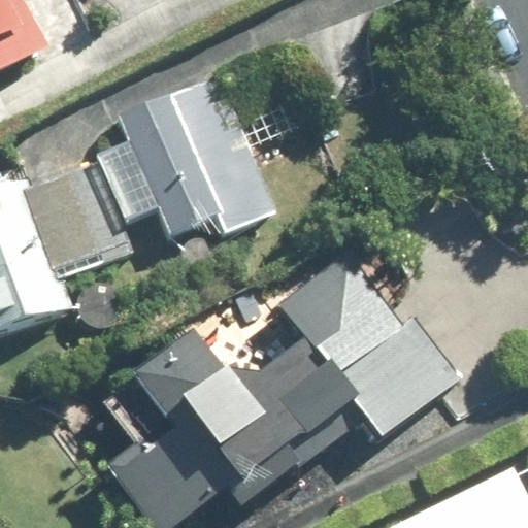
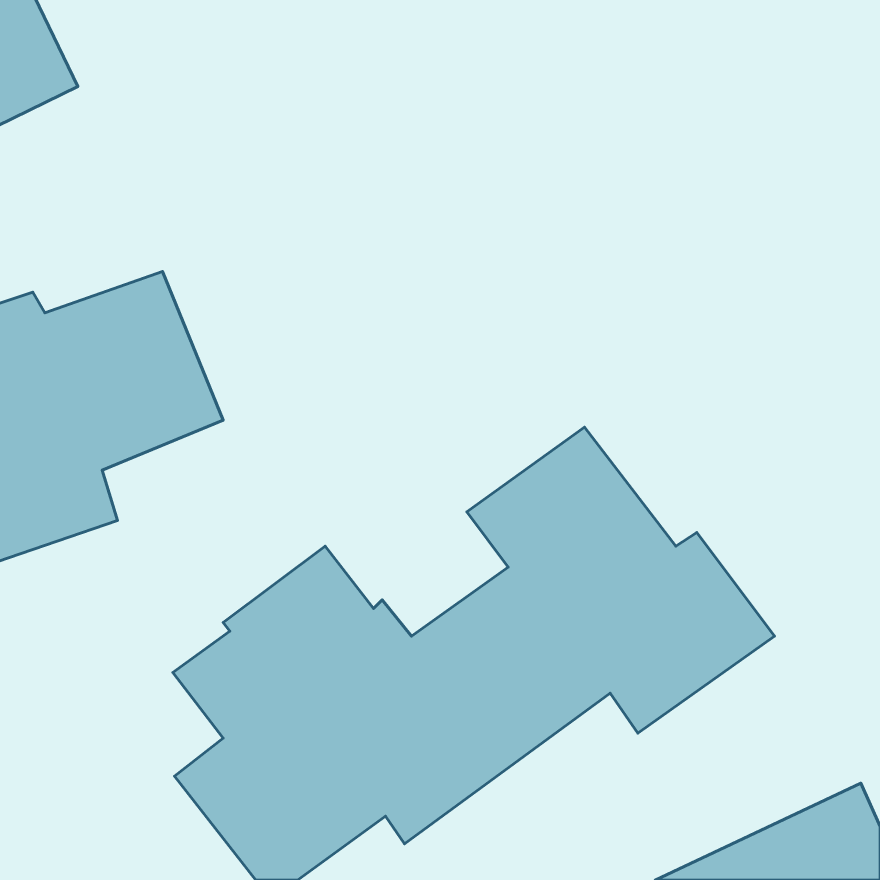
building: [94,75,276,239] -> none

